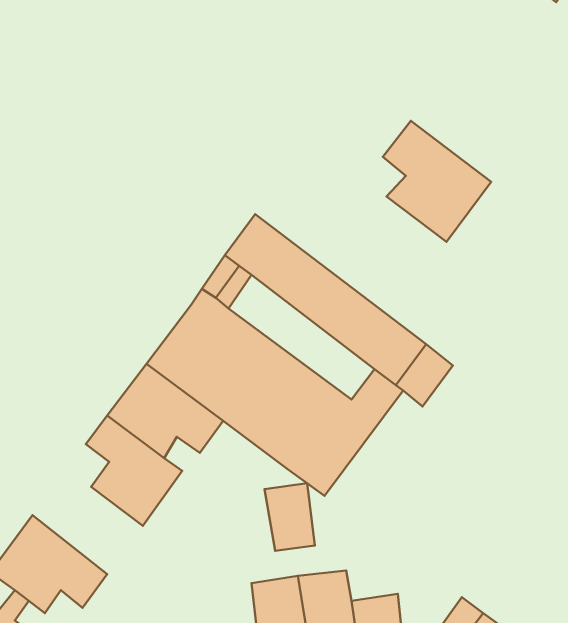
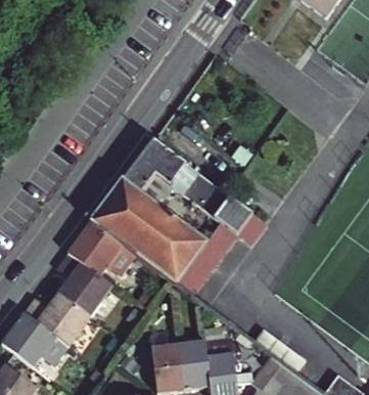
building: [383,121,491,242] -> none
building: [264,483,315,551] -> none
building: none -> [25,292,88,342]

